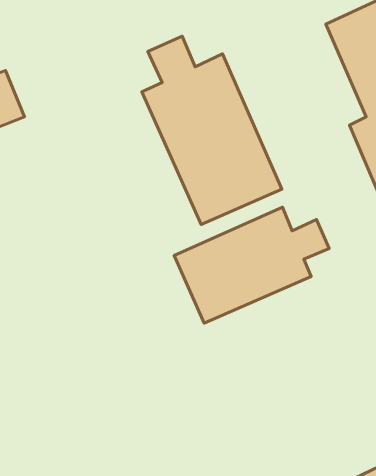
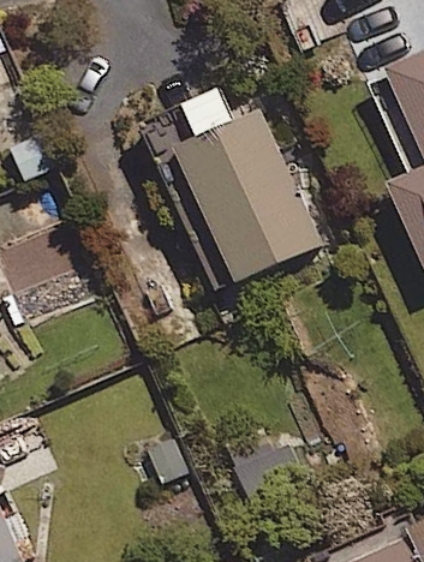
building: [174,207,329,323] -> none

